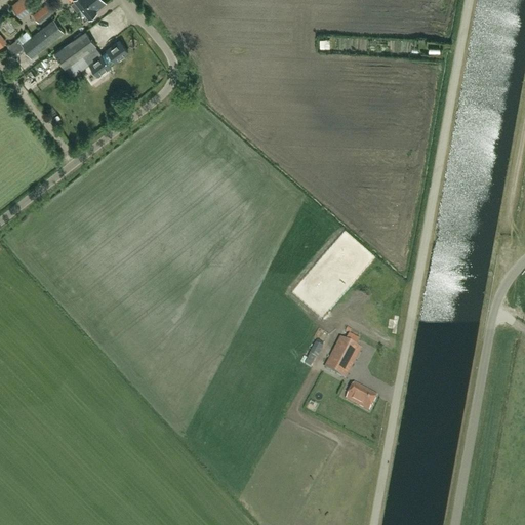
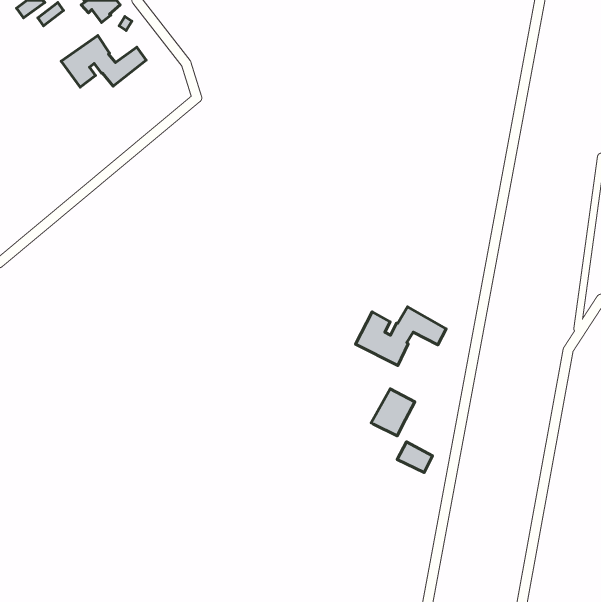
building: [7,19,63,58] -> none
building: none -> [355,307,446,365]

